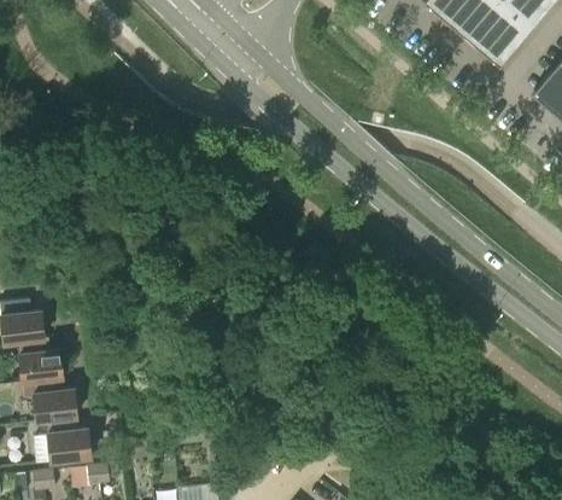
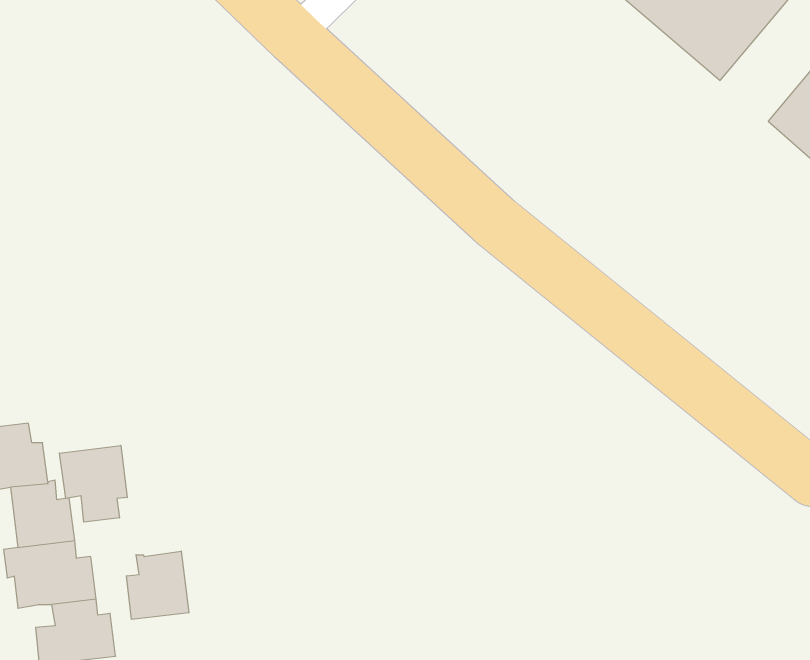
building: none -> [59,445,127,522]
building: none -> [127,551,189,619]

